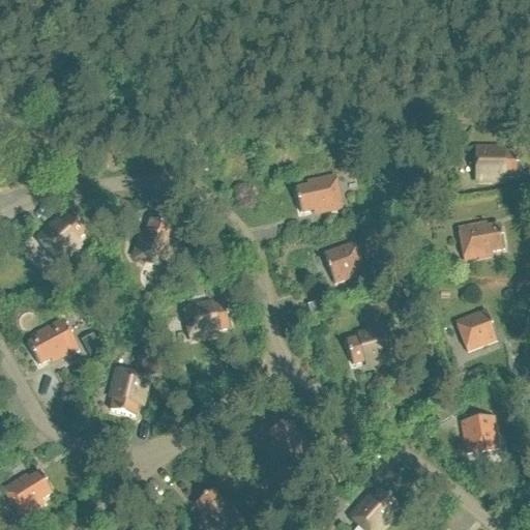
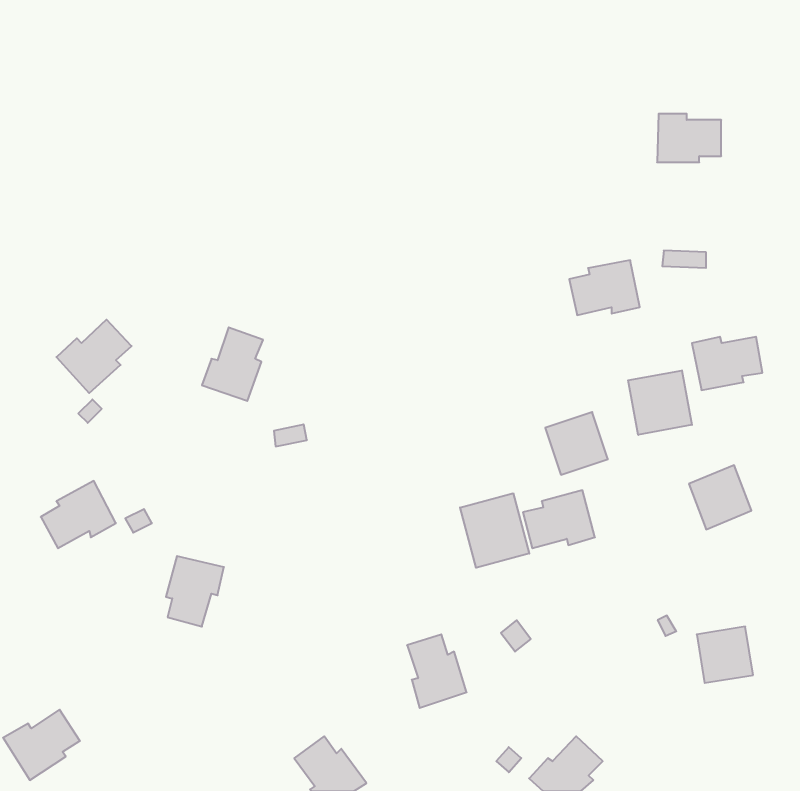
building: [475,146,518,178] -> [657,114,721,162]
building: [295,174,342,210] -> [569,260,640,315]
building: [323,240,364,282] -> [545,412,608,475]
building: none -> [628,370,692,435]
building: [184,302,230,337] -> none
building: none -> [460,493,529,568]

